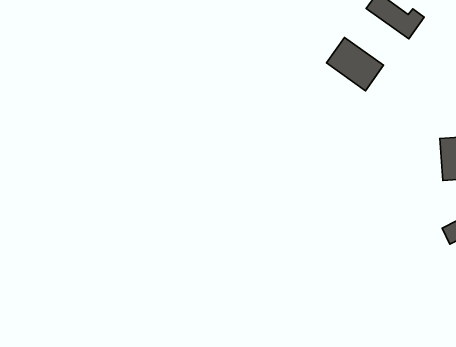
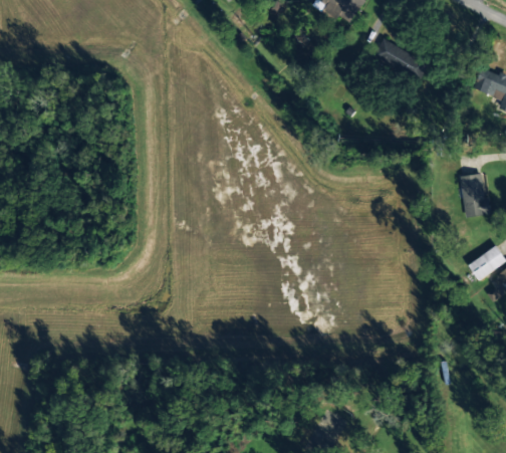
building: [326,37,384,91] -> none

